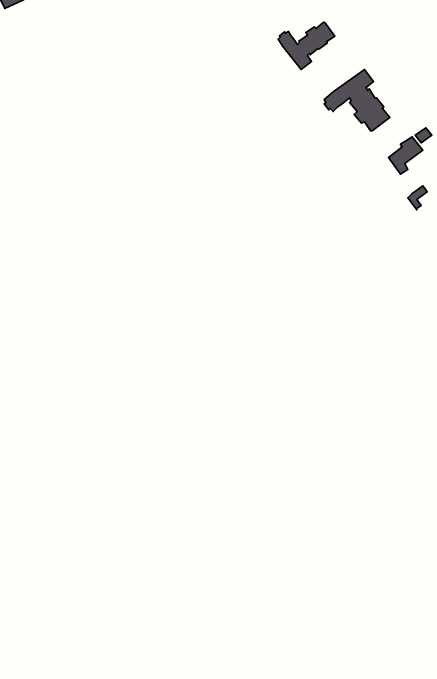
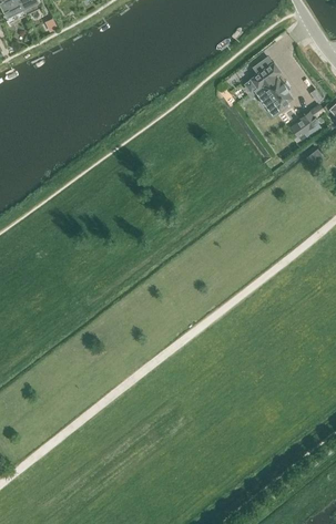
building: [278,22,335,69] -> none

